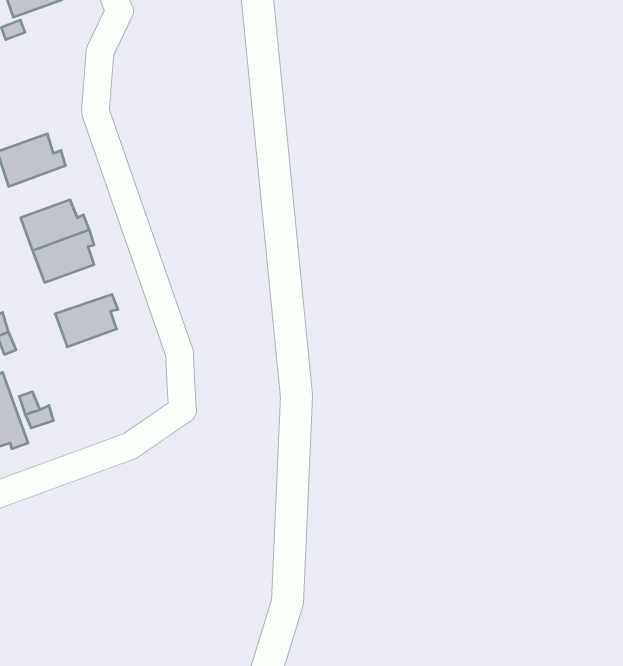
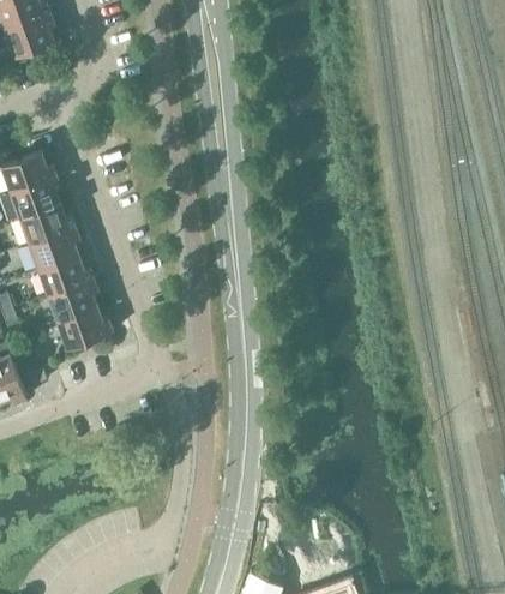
building: none -> [10,176,60,218]
building: none -> [38,256,92,295]
building: none -> [56,307,112,348]

